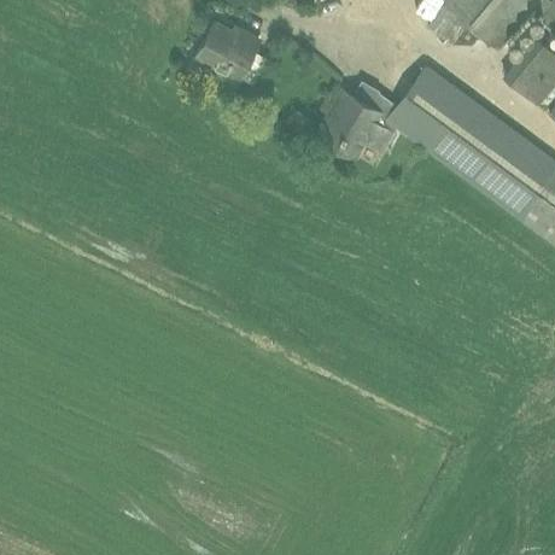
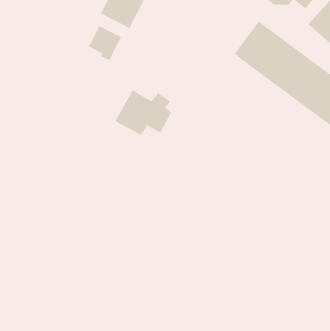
building: none -> [88,26,122,61]
building: [315,88,399,157] -> [114,89,172,136]

